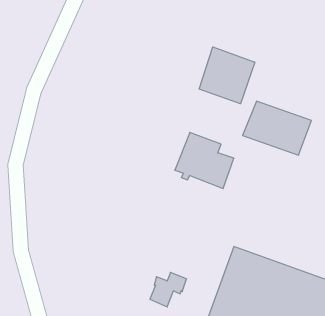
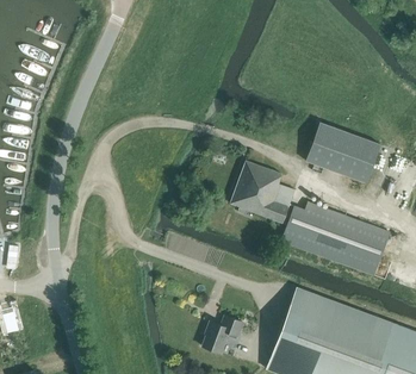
building: [199,47,255,104] -> none
building: none -> [281,201,391,276]

